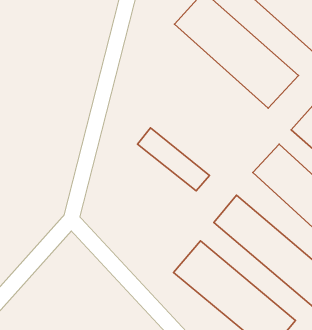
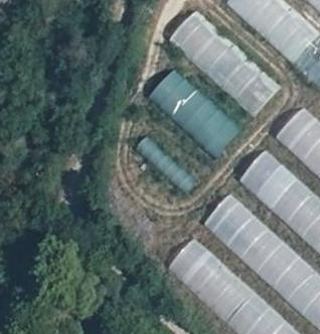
building: none -> [149,67,237,155]

